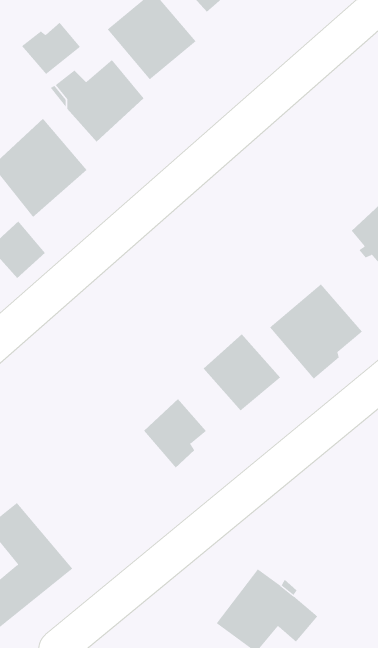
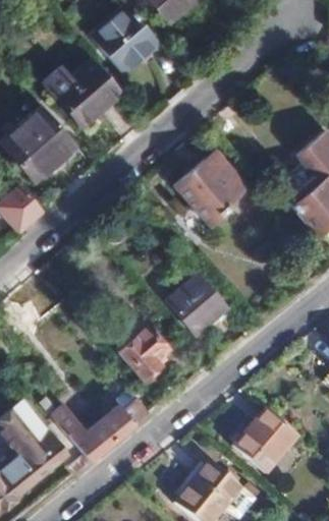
building: [21,22,81,75] -> none
building: [269,283,363,379] -> [174,151,248,226]
building: none -> [51,400,151,461]
building: none -> [235,407,298,472]

